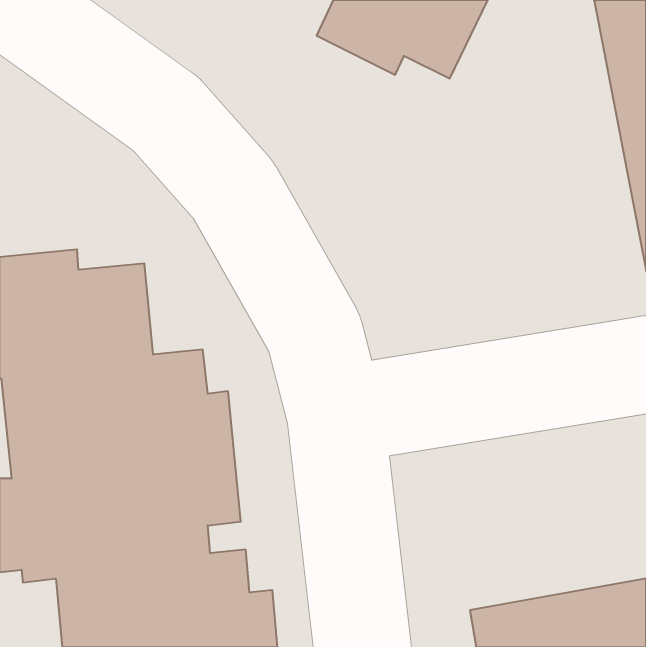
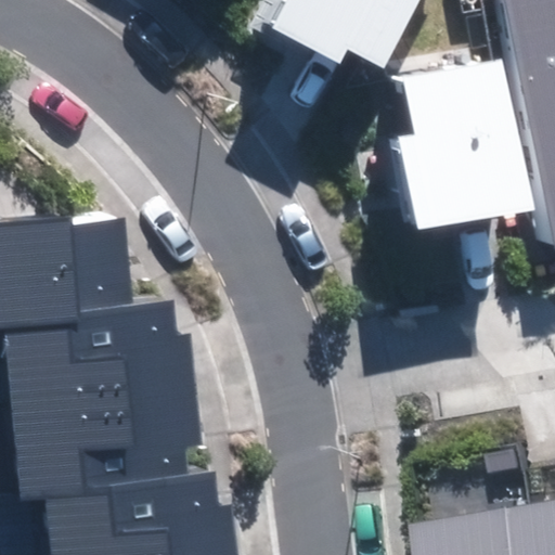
building: none -> [400,59,530,231]

